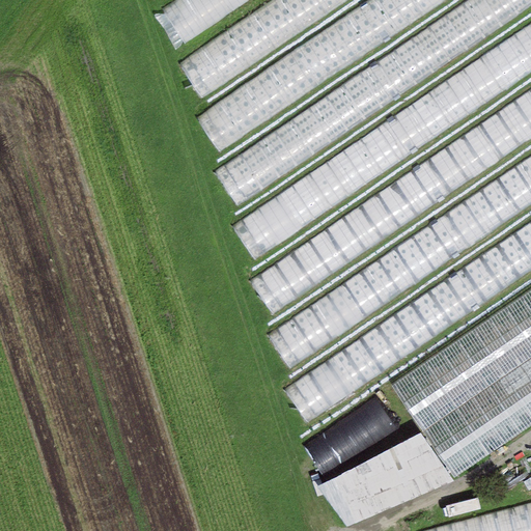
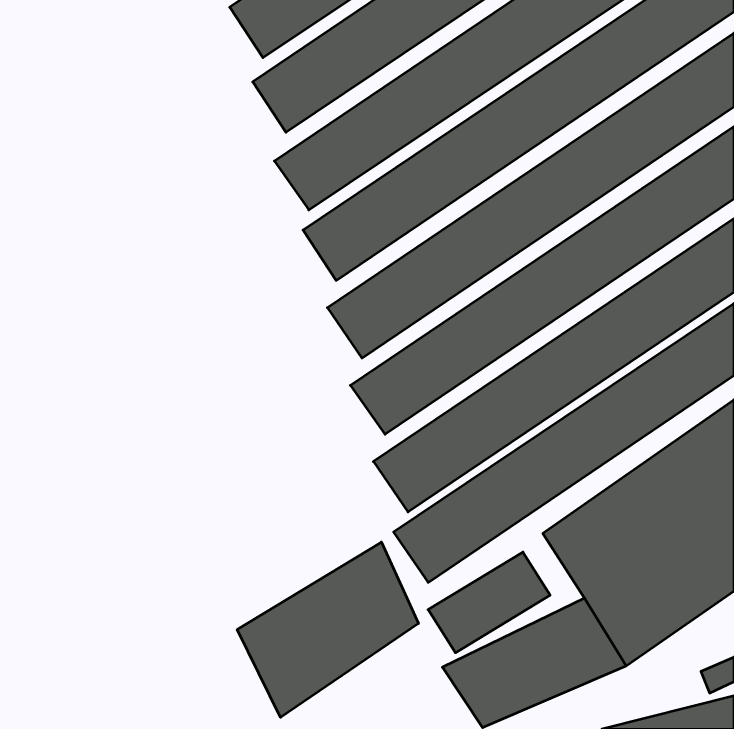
building: none -> [237,542,418,717]

